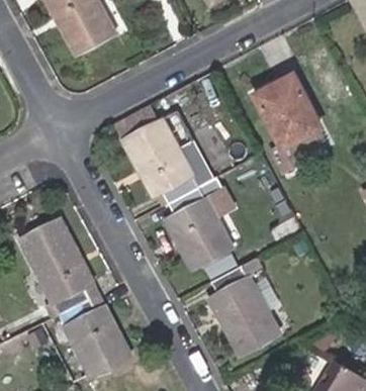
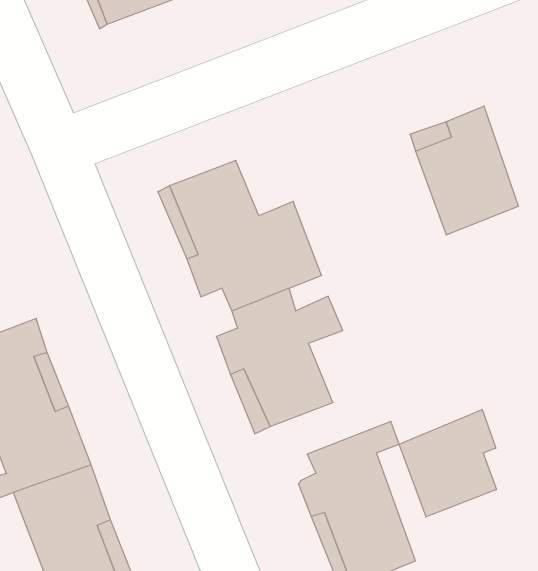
building: none -> [399,409,496,517]

